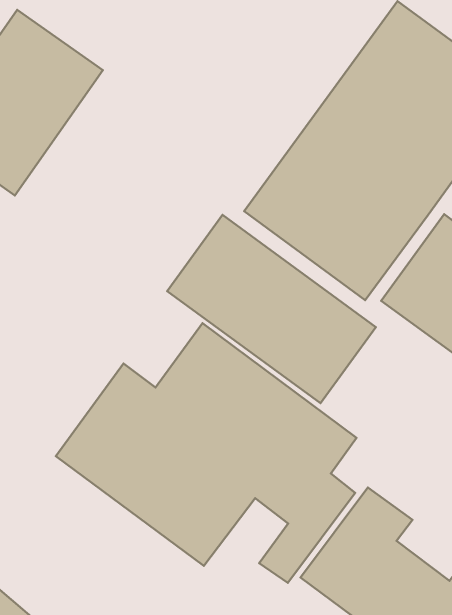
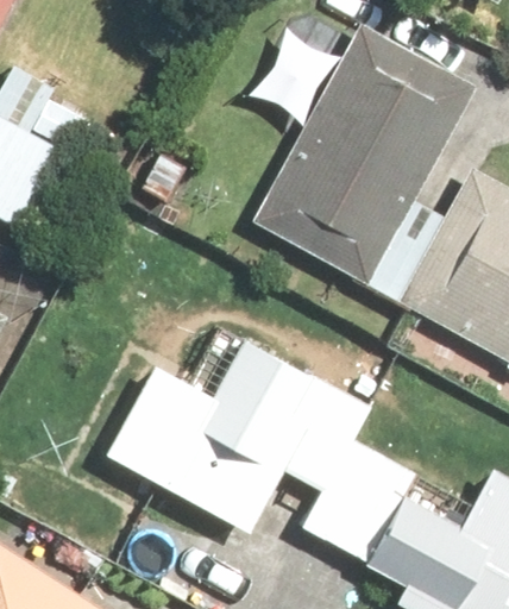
building: [167,215,376,403] -> none

